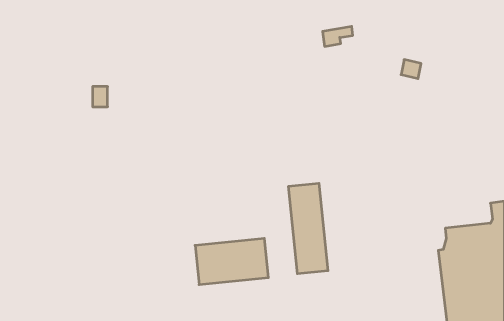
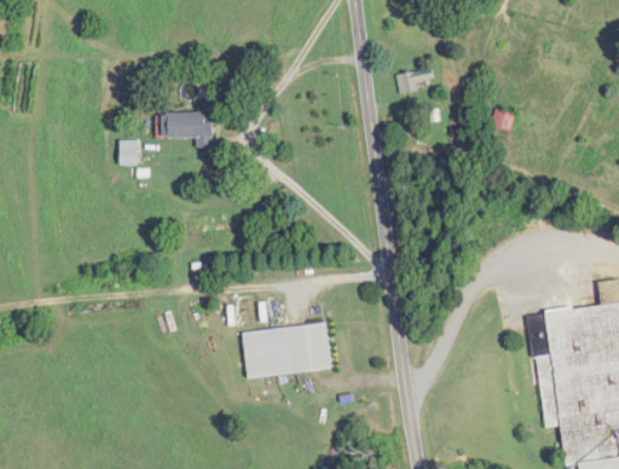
building: none -> [163,112,210,145]
building: [289,183,328,274] -> none

